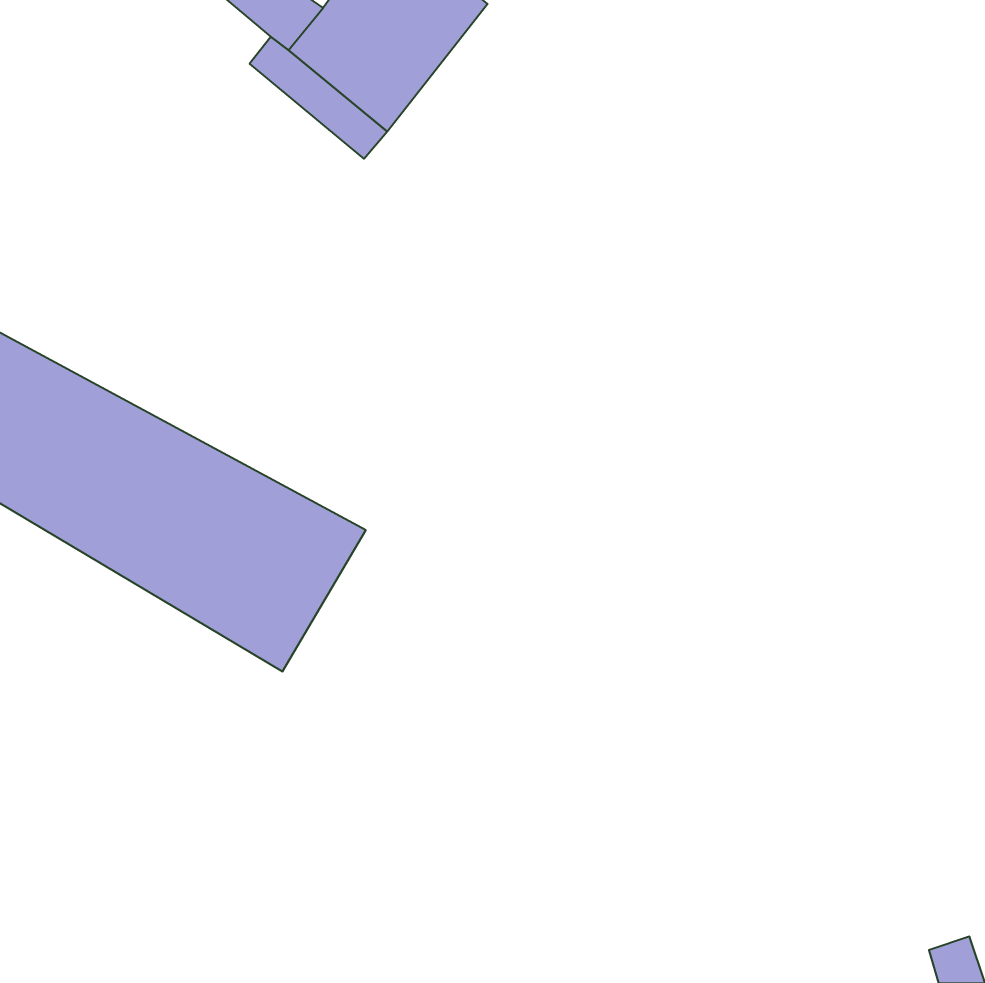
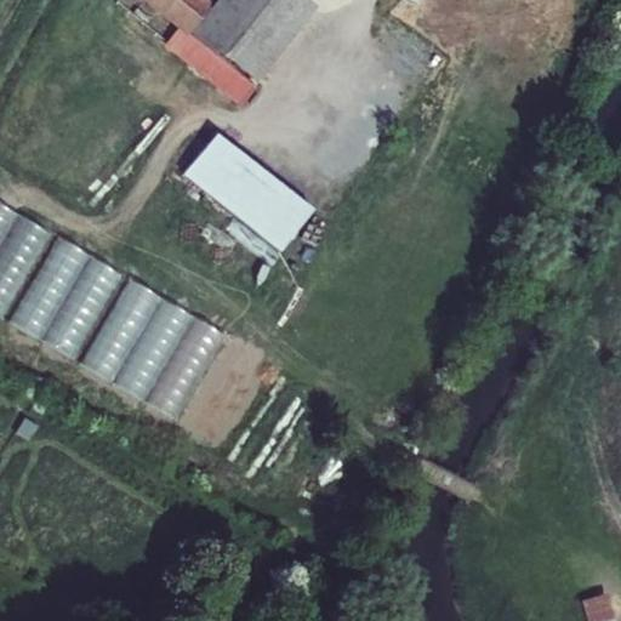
building: none -> [180,129,310,247]

